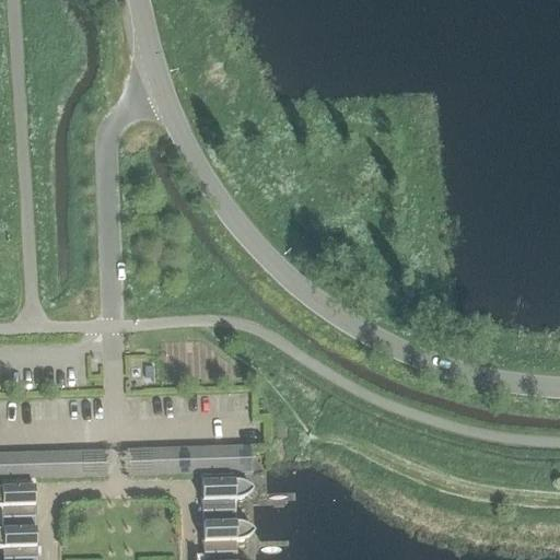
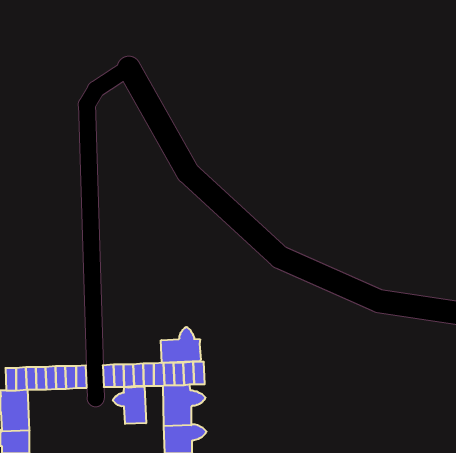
building: none -> [161,327,201,363]
building: none -> [113,386,146,424]

